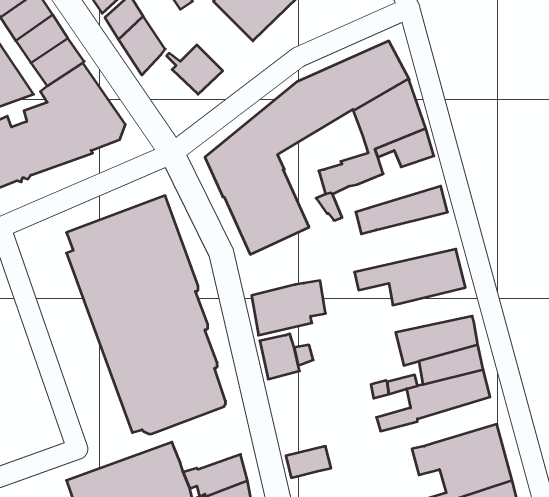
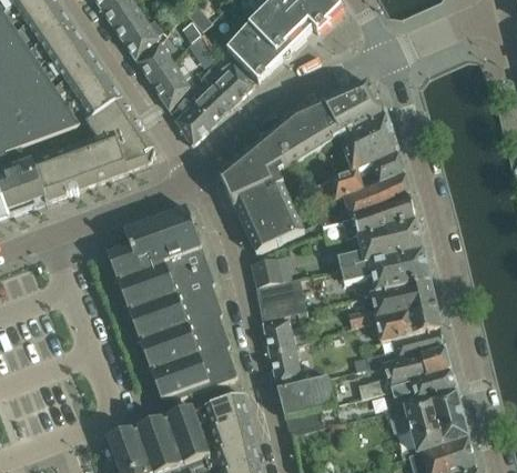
building: none -> [206,54,253,103]
building: none -> [175,91,213,143]
building: none -> [338,172,409,219]
building: none -> [337,218,422,266]
building: none -> [251,252,292,285]
building: none -> [346,279,435,325]
building: none -> [270,346,302,383]
building: none -> [391,368,455,407]
building: none -> [277,375,334,415]
building: none -> [193,391,247,426]

